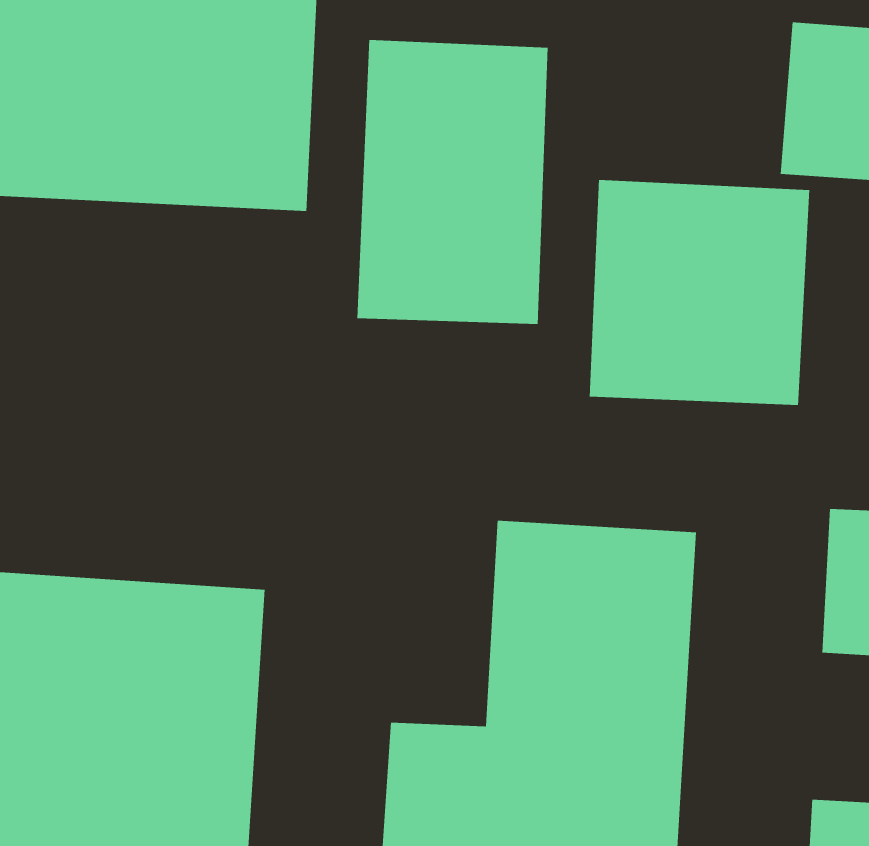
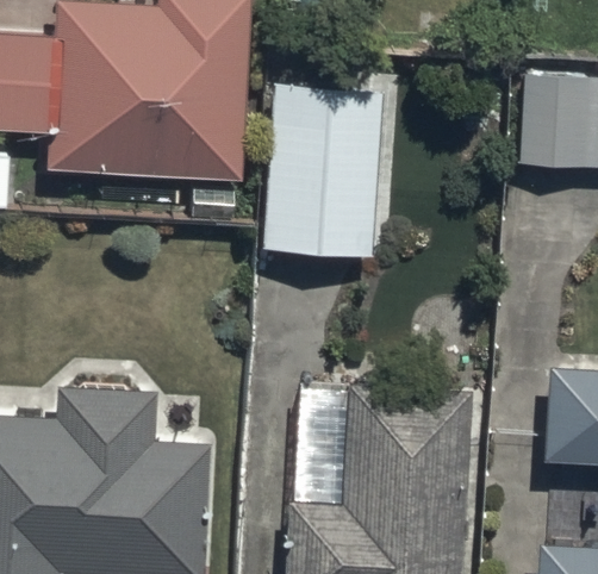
building: [589,179,810,406] -> none

